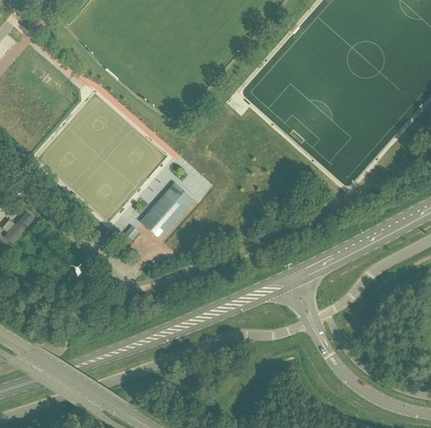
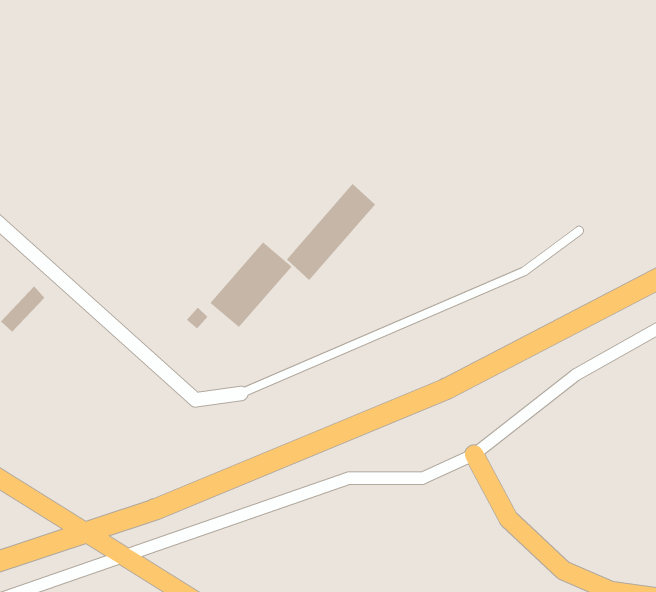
building: none -> [286,183,376,281]

